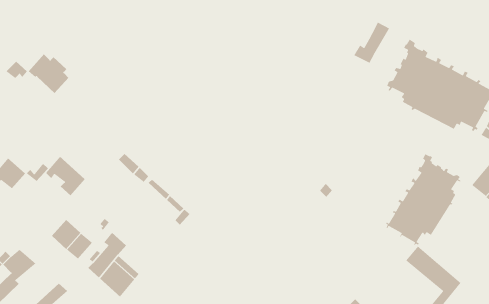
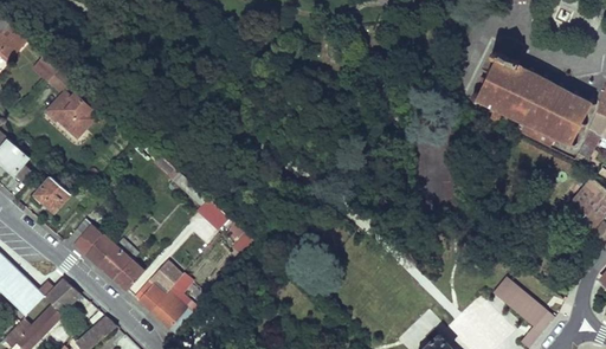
building: [353,22,390,64] -> none
building: [28,53,69,94] -> [46,93,92,138]
building: [385,153,462,246] -> none
building: [45,156,85,196] -> [70,220,115,265]

